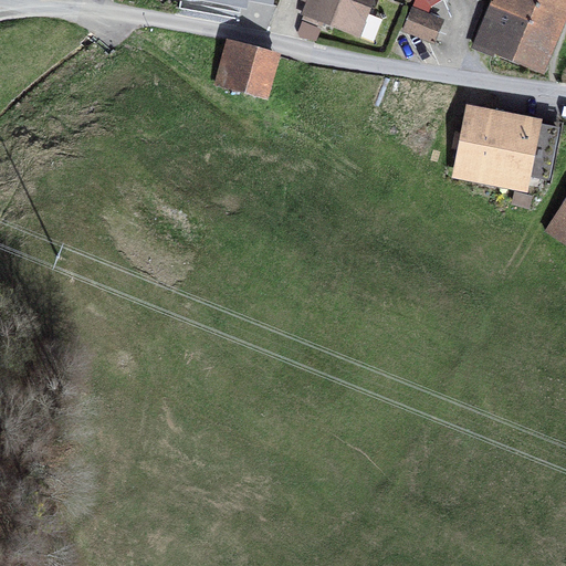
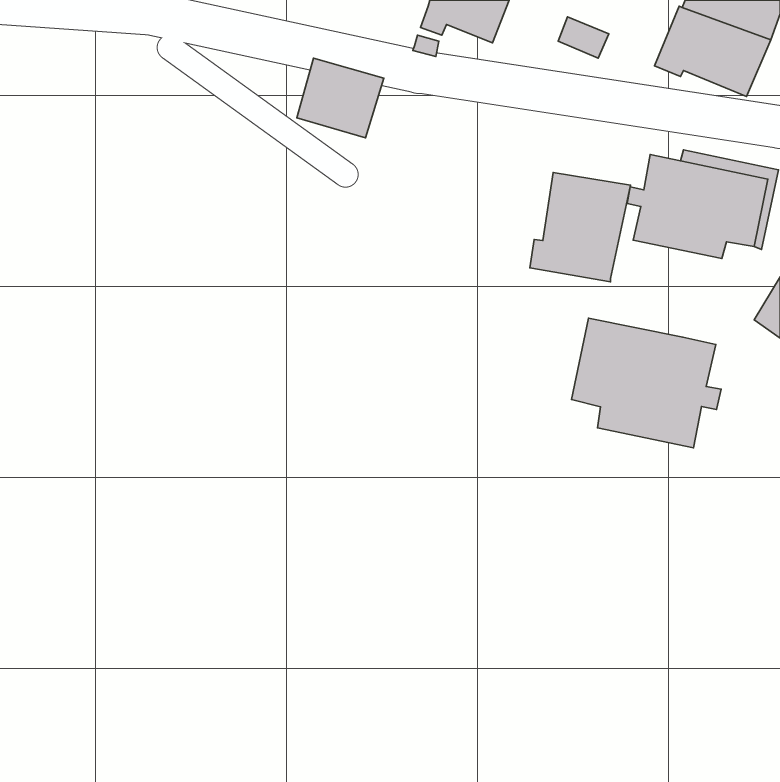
building: none -> [530,173,630,282]
building: none -> [571,318,721,448]

